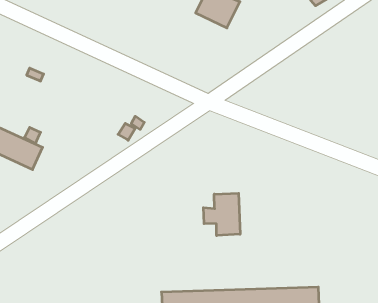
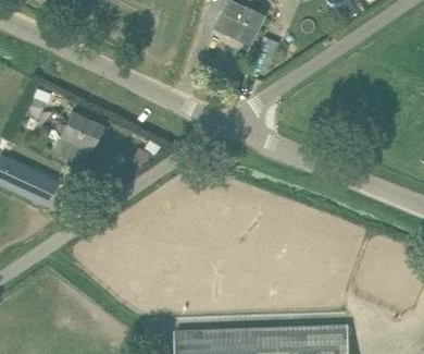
building: none -> [51,112,100,158]
building: [203,193,240,236] -> none

